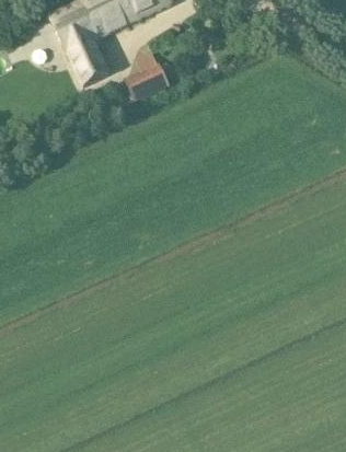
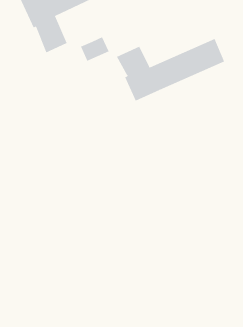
building: none -> [116,38,225,102]

